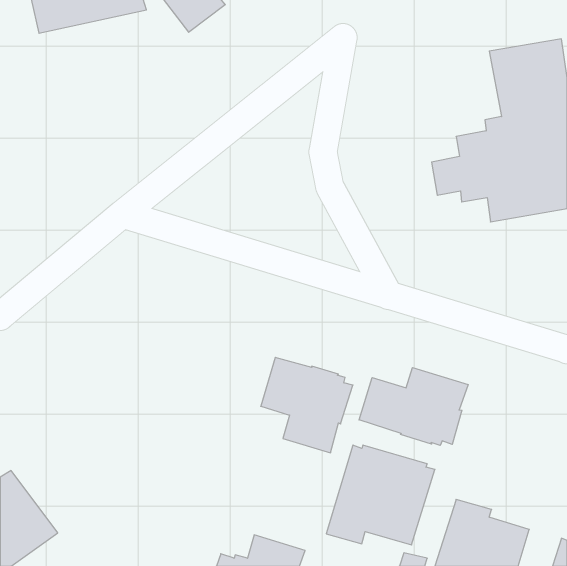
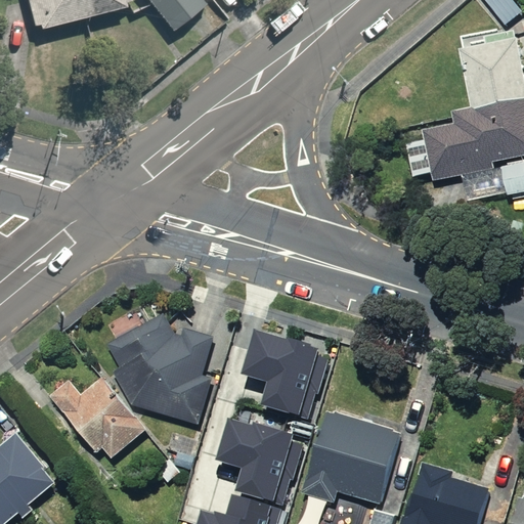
building: none -> [106,311,214,424]
building: [359,368,468,445] -> none
building: none -> [49,376,145,456]
building: none -> [218,419,302,504]

